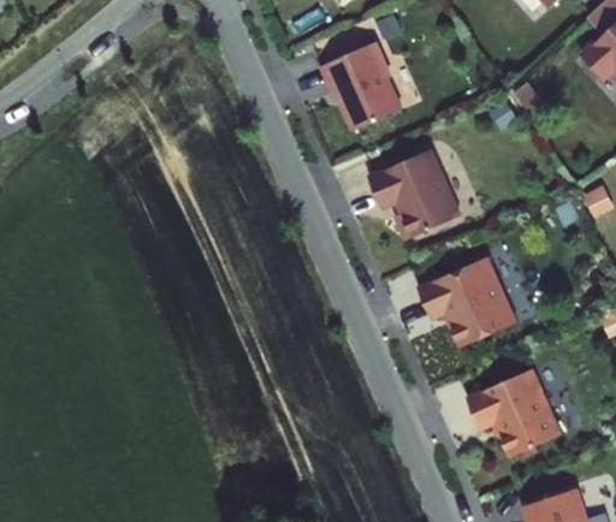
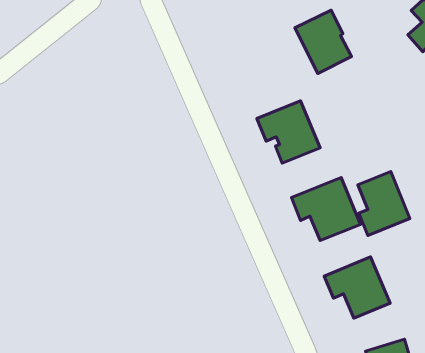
building: [322,48,403,138] -> [295,10,351,73]
building: none -> [358,171,410,235]

